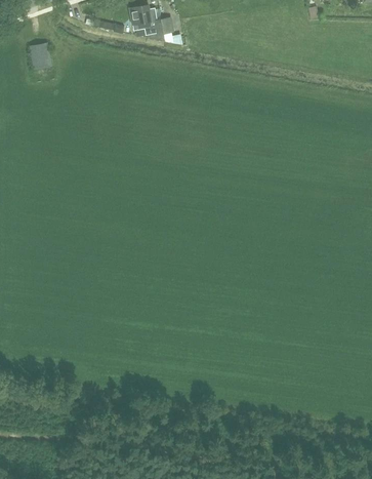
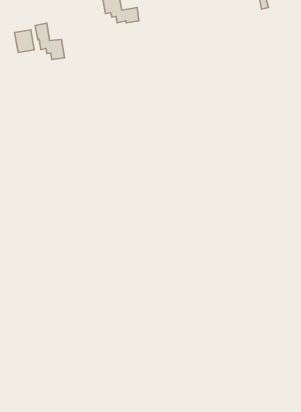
building: none -> [35,23,65,59]

